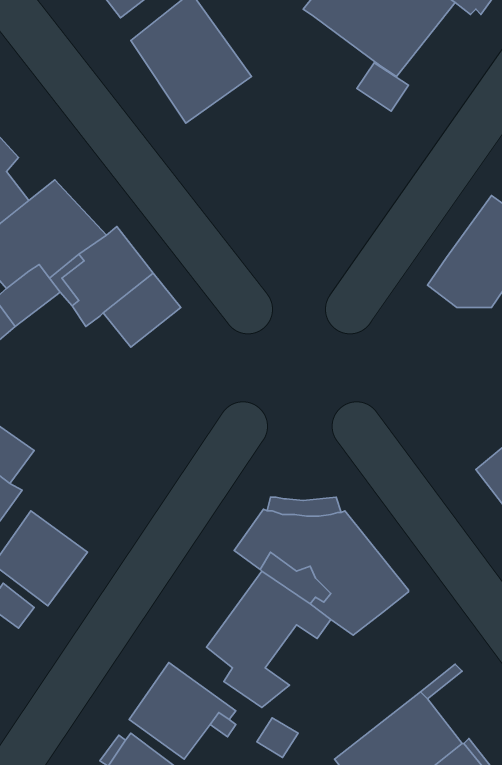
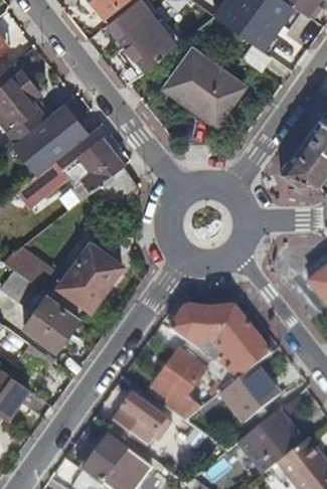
building: none -> [163,48,251,132]
building: none -> [59,247,129,321]
building: none -> [220,363,278,420]

